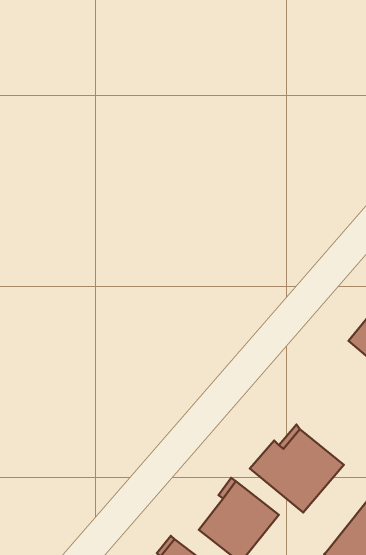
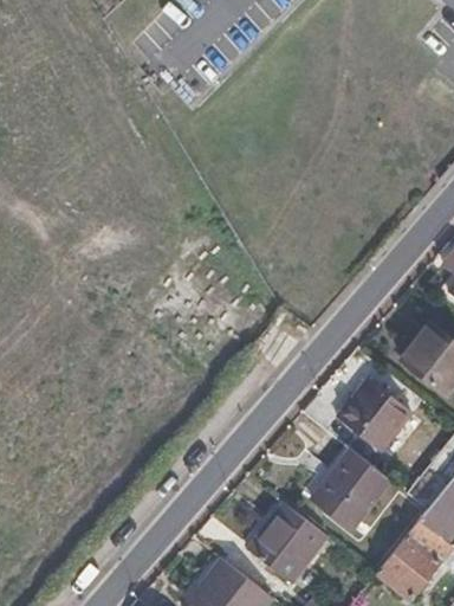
building: none -> [337,380,408,450]

